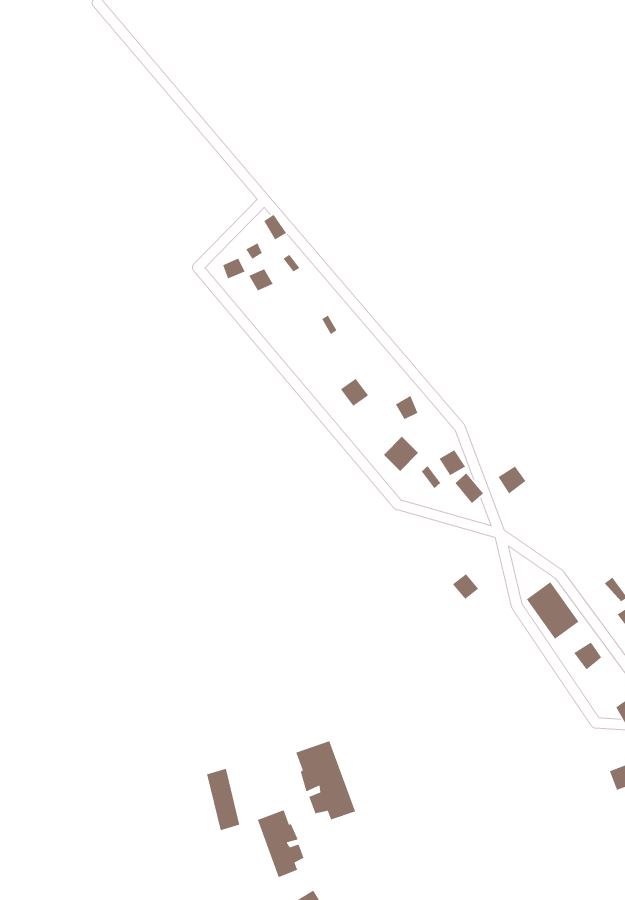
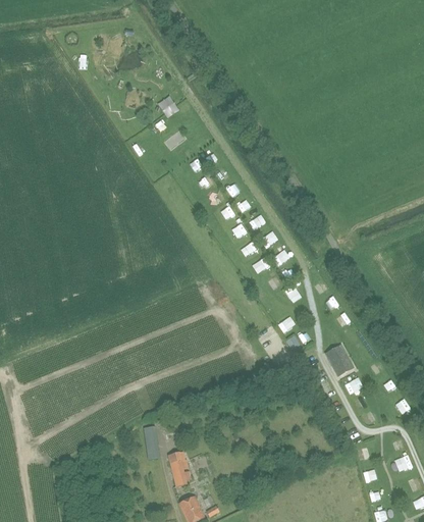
building: [295,740,356,821] -> none

